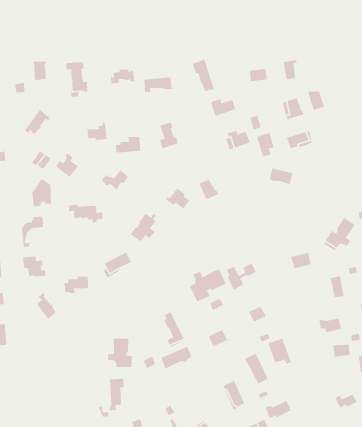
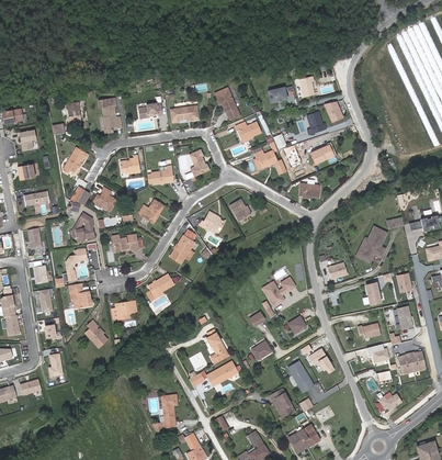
building: [189,268,227,302] -> none
building: [107,338,133,368] -> none

